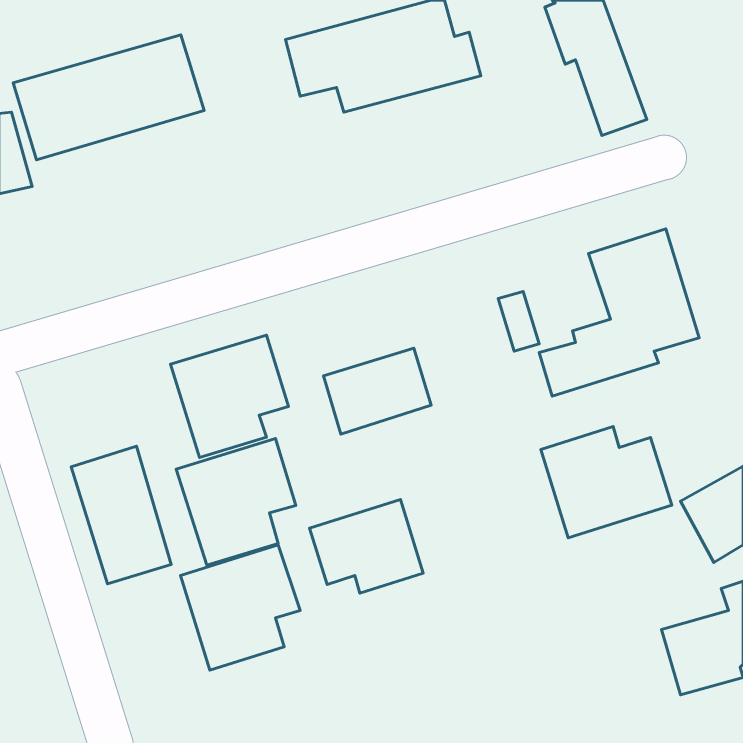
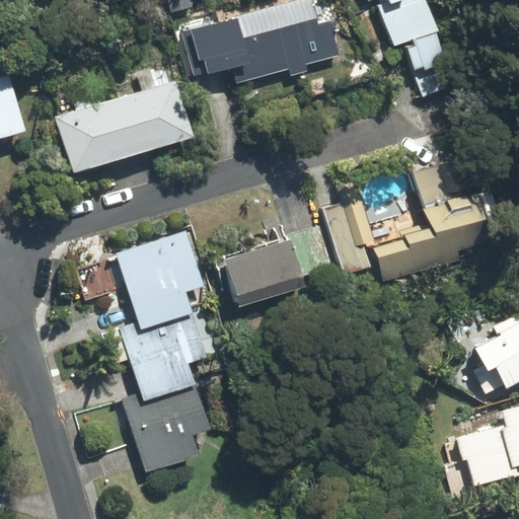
building: [13,35,204,160] -> [59,83,192,170]
building: [541,426,672,538] -> none
building: [71,446,171,584] -> none
building: [310,499,423,593] -> none

